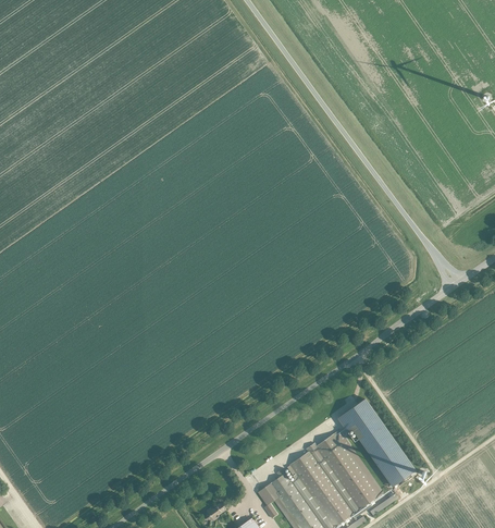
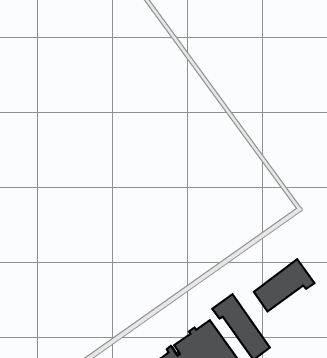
building: none -> [254,259,314,312]

